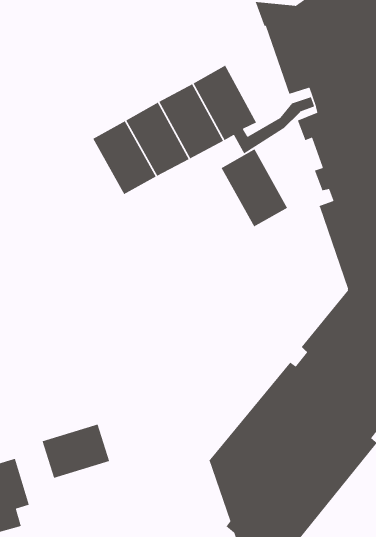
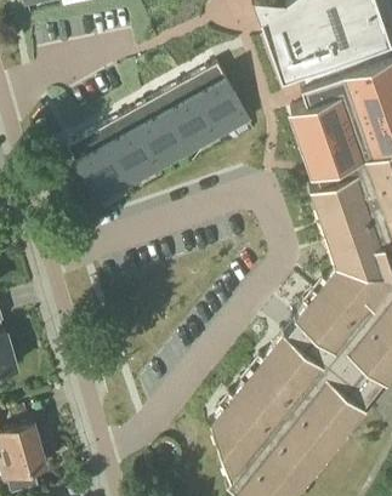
building: none -> [73,129,132,198]
building: [220,148,288,227] -> none
building: [42,424,110,479] -> none

